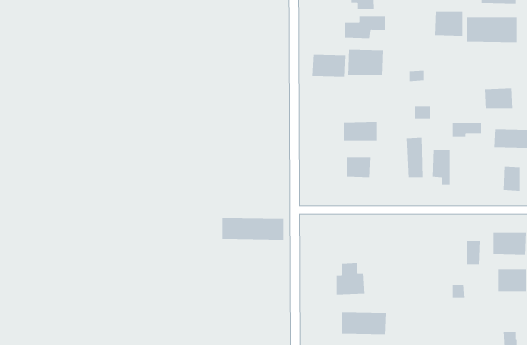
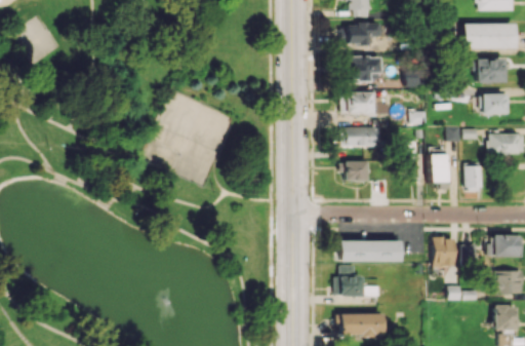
building: [434,11,463,36] -> [476,59,504,83]
building: [312,54,346,77] -> [341,91,375,114]
building: [503,166,520,191] -> [466,165,483,190]
building: [222,217,284,240] -> [338,239,400,262]
building: none -> [433,237,455,267]
building: none -> [494,306,518,331]

